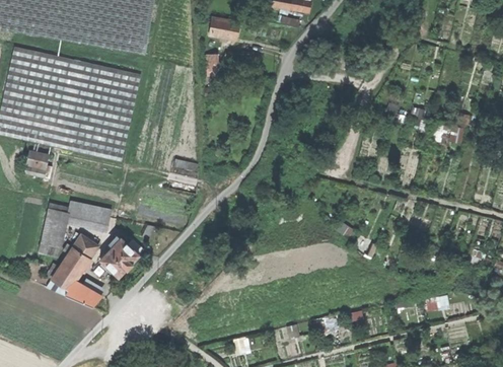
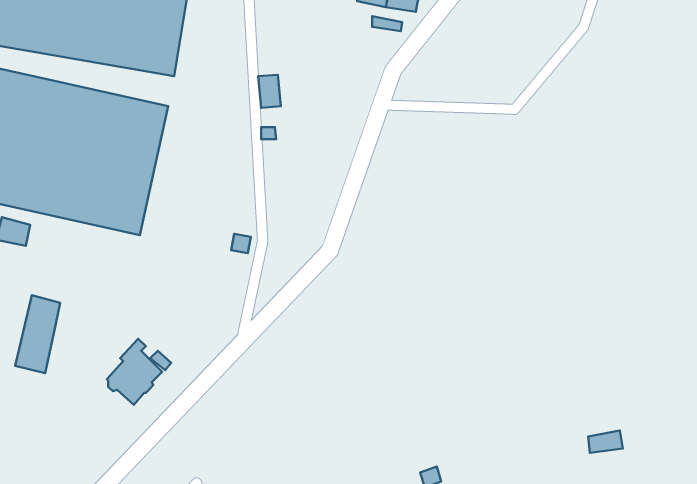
building: [210,16,239,40] -> none
building: [66,200,111,230] -> none
building: [48,233,101,305] -> none

